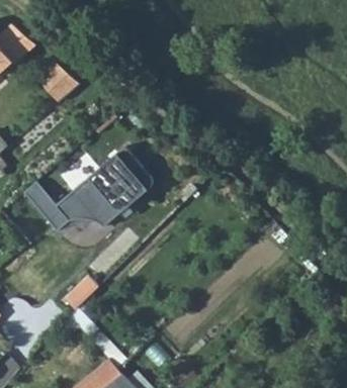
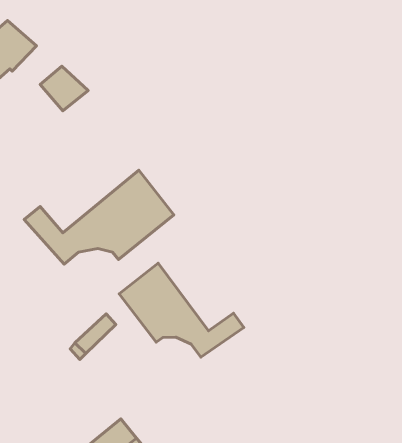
building: none -> [119,263,244,357]

